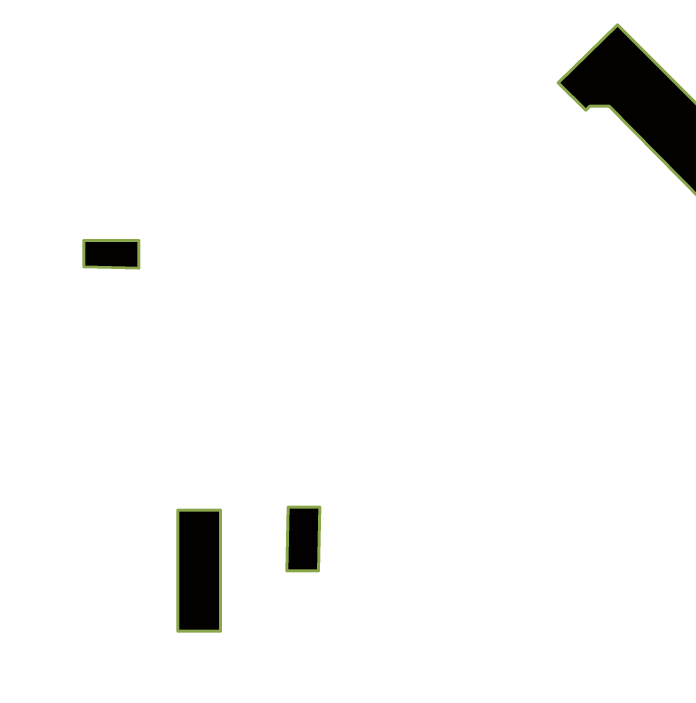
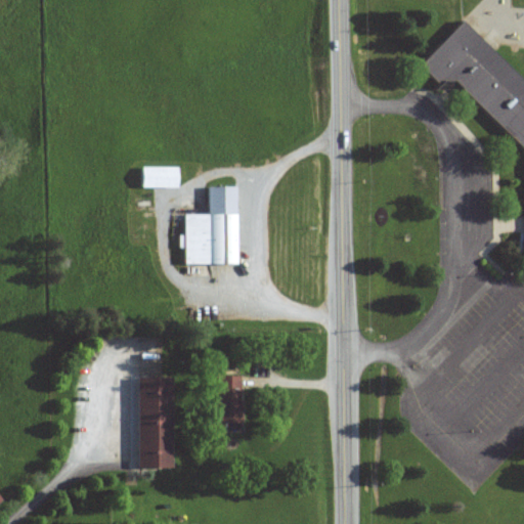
building: [84,241,139,268] -> [141,168,182,188]
building: none -> [181,186,239,265]

